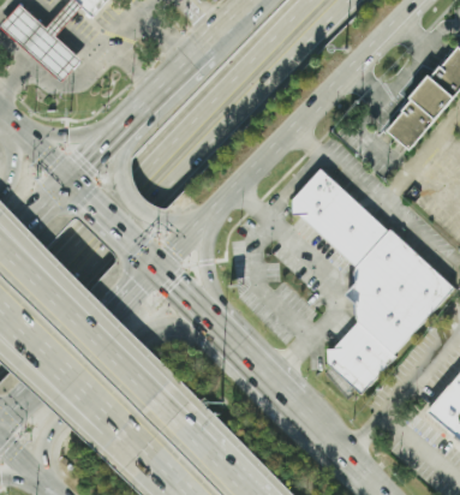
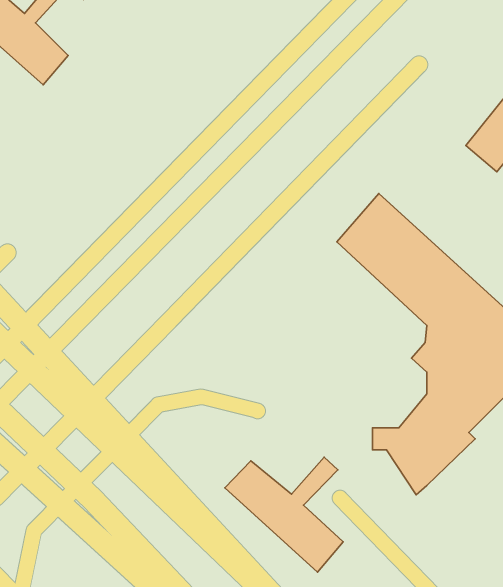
building: none -> [225,457,343,572]

